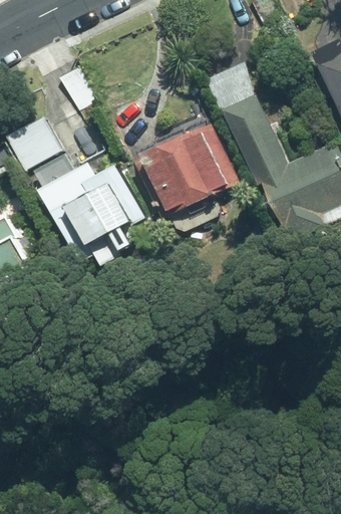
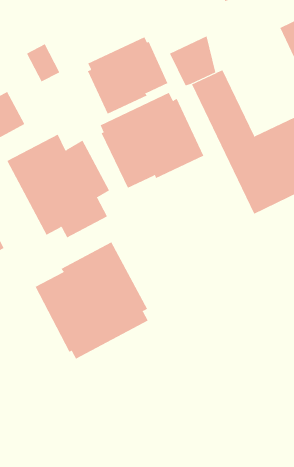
building: none -> [87,37,168,114]
building: none -> [35,242,148,359]

